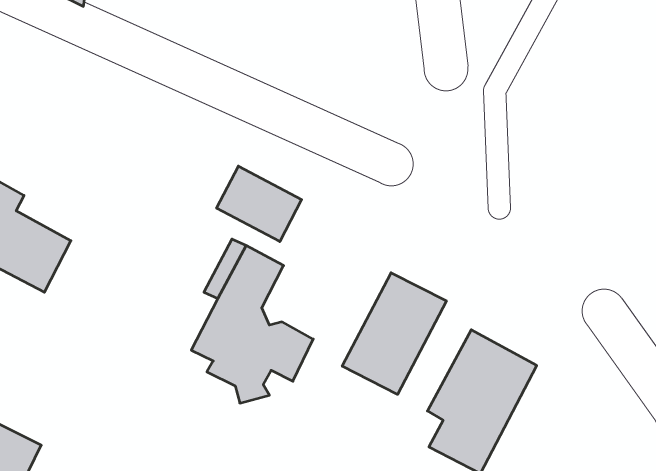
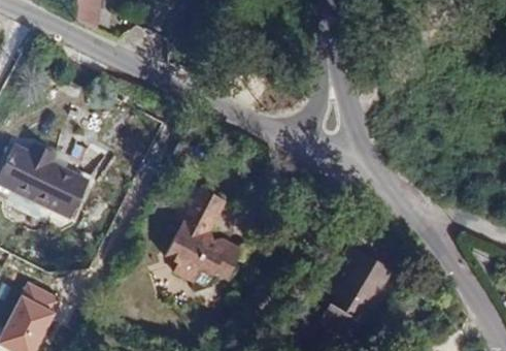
building: [217,166,302,242] -> none
building: [342,273,446,394] -> none

